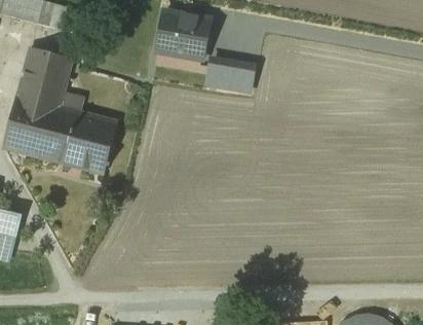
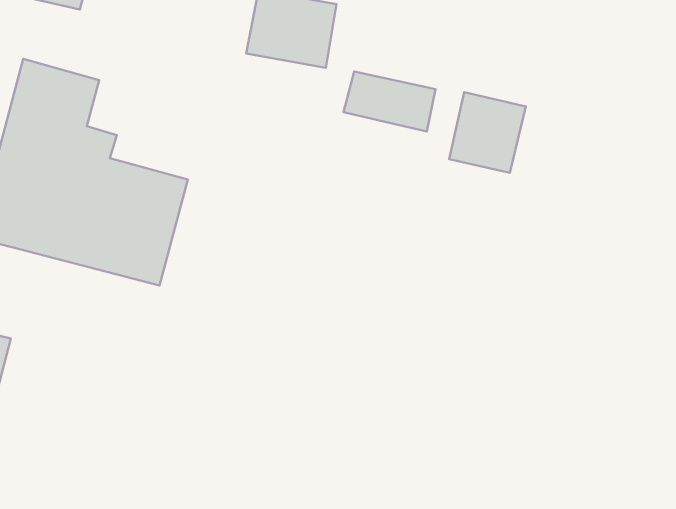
building: none -> [449,92,526,173]

